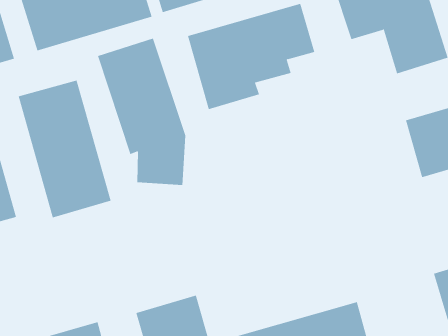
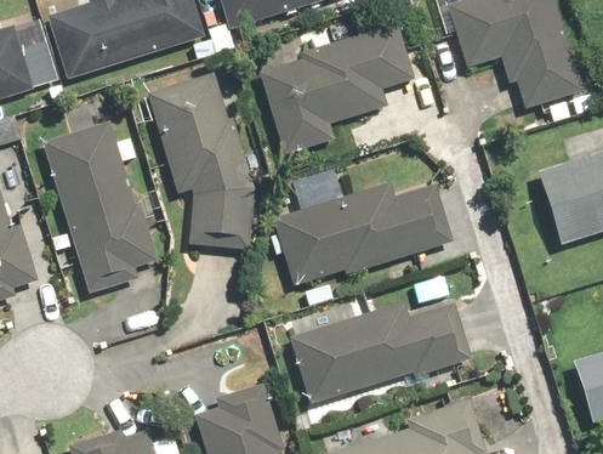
building: none -> [271,171,451,291]
building: none -> [285,288,474,410]

